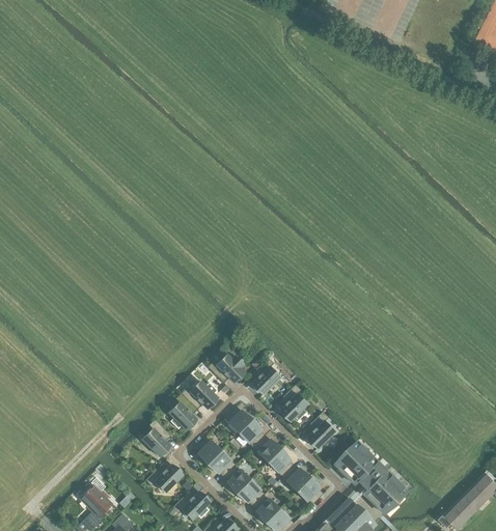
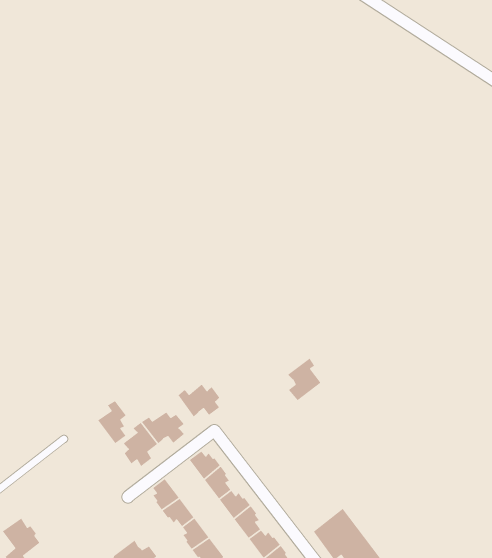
building: [252,358,281,395] -> [287,357,321,401]
building: [279,385,308,422] -> none
building: [309,412,335,449] -> none
building: [143,420,169,456] -> [97,400,127,444]
building: [146,464,184,492] -> none

